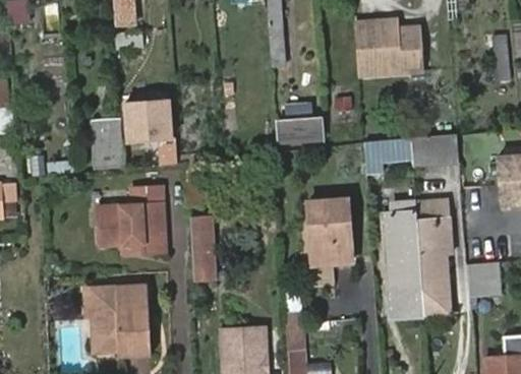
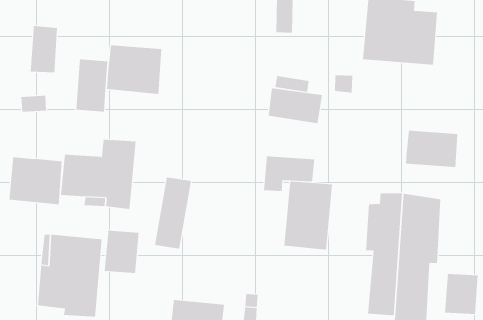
building: none -> [30,25,57,73]
building: [364,137,411,174] -> [263,156,315,191]
building: none -> [9,157,62,205]
building: none -> [104,230,139,274]

